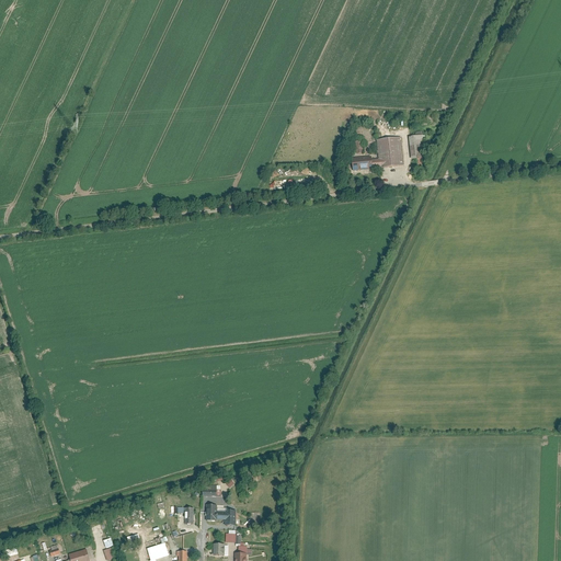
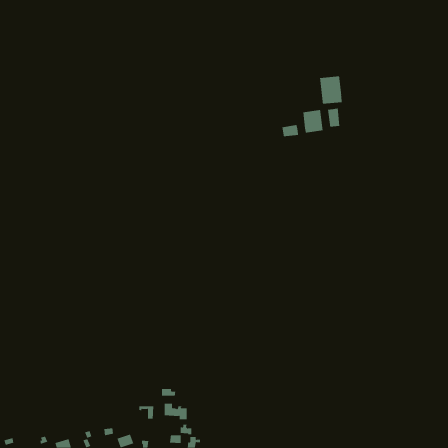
building: none -> [320,75,342,105]

